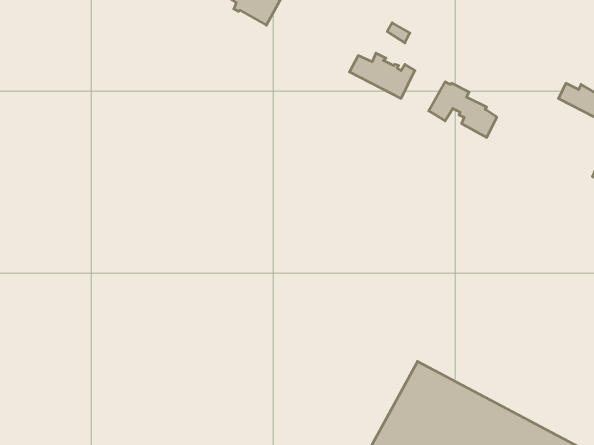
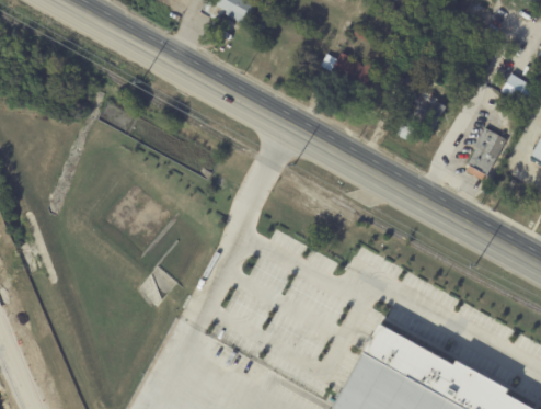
building: none -> [470,132,509,179]

